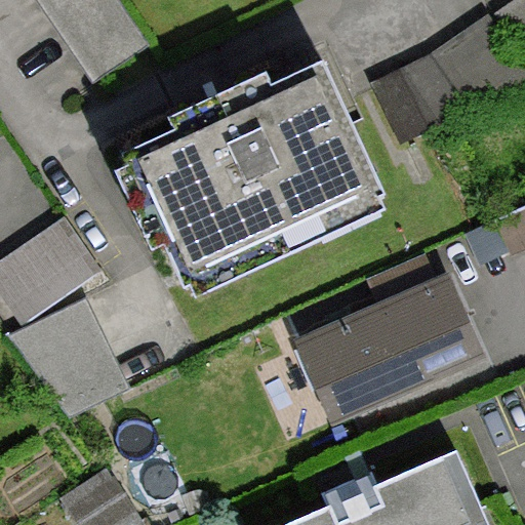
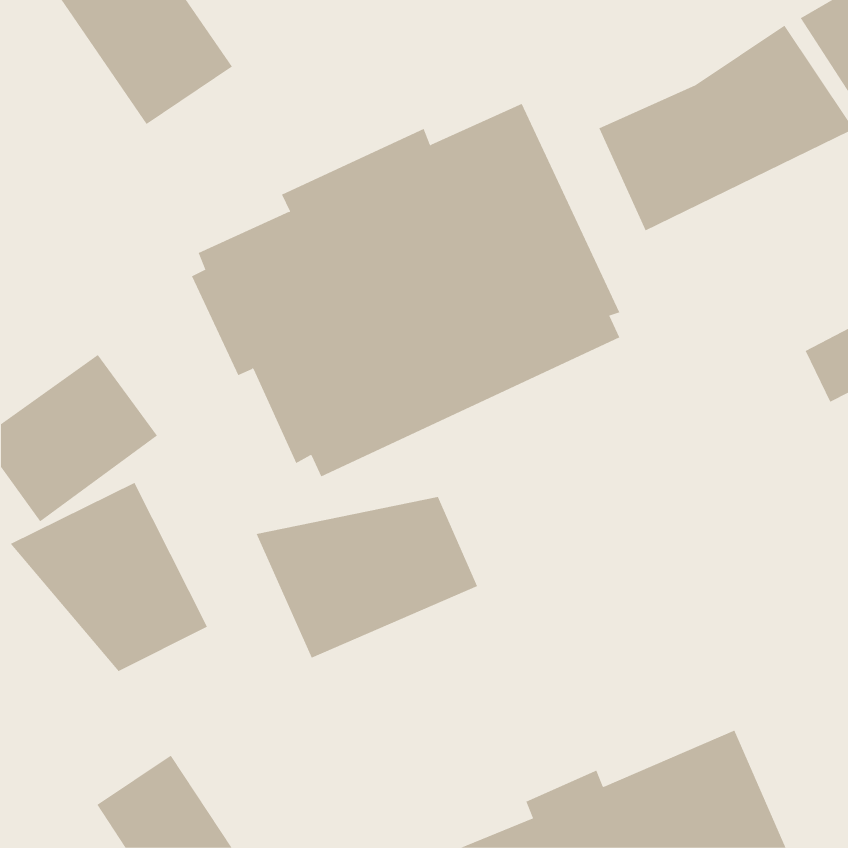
building: [297,254,485,425] -> none
building: none -> [256,496,478,658]

